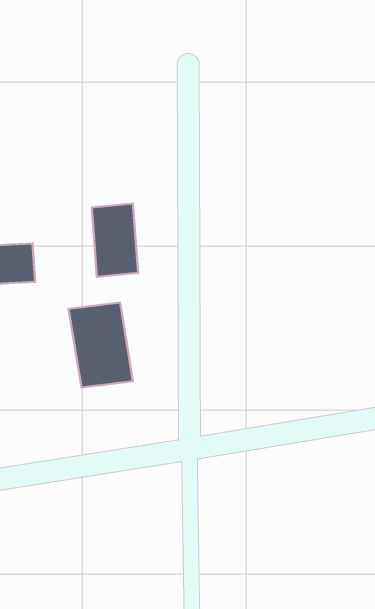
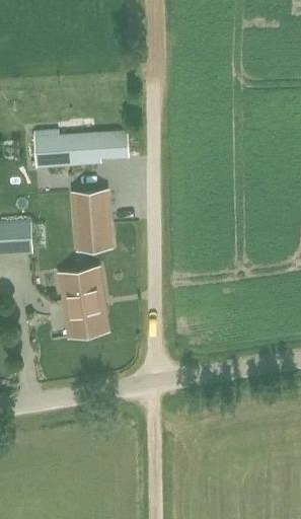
building: none -> [33,132,127,166]

